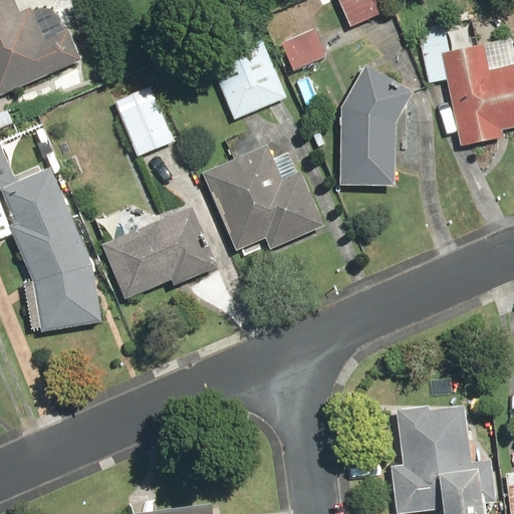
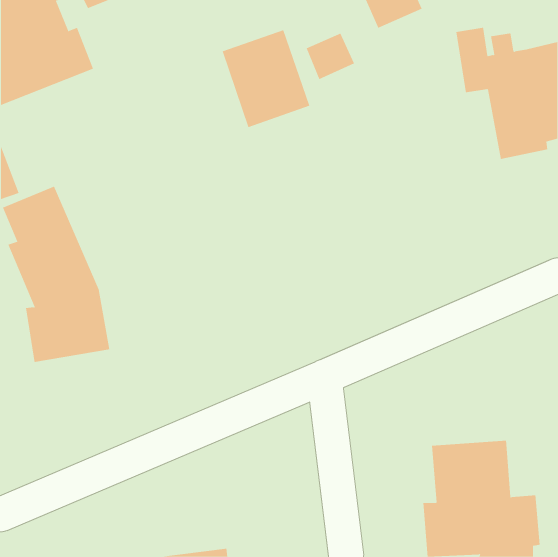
building: [339,65,410,186] -> none
building: [113,80,178,159] -> none
building: [202,145,322,255] -> none
building: [99,205,217,300] -> none

